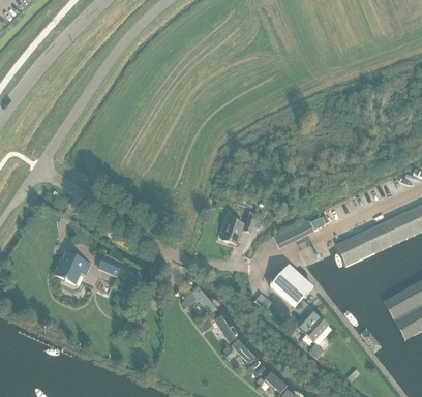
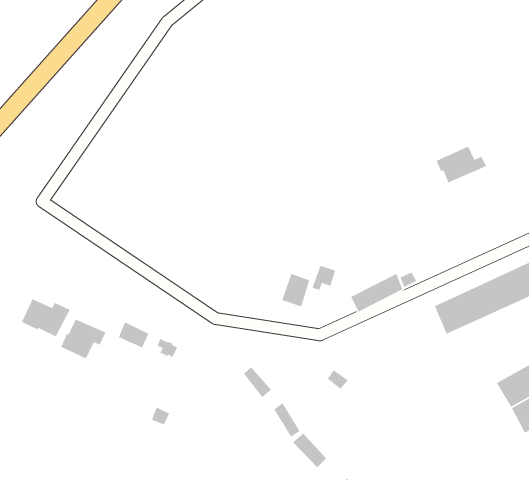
building: none -> [436,145,487,183]
building: none -> [21,298,71,338]
building: [270,265,329,341] -> none

